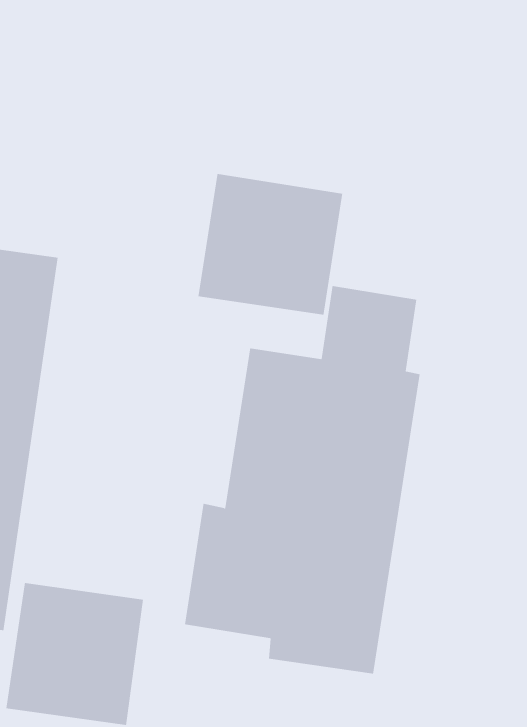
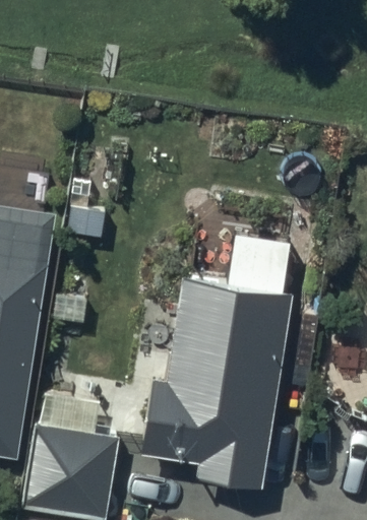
building: [198,173,343,316] -> none

